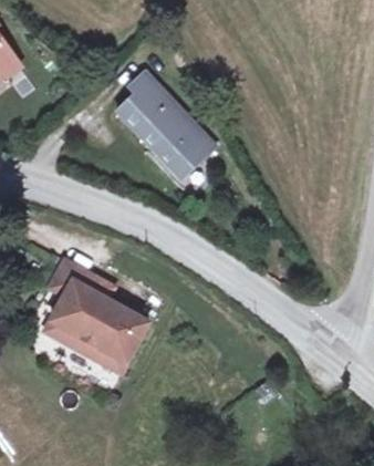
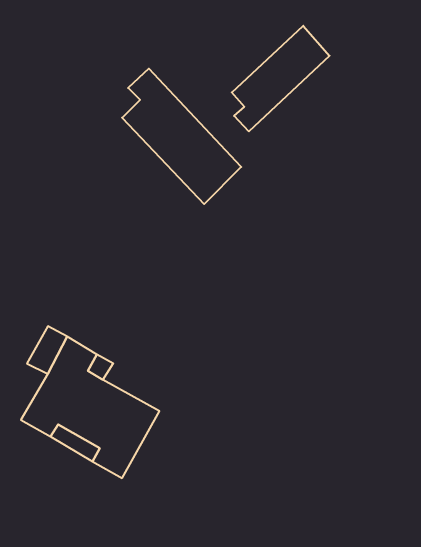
building: none -> [232,26,330,131]

